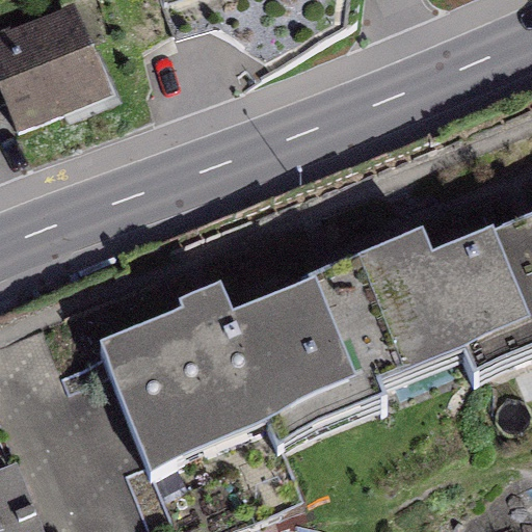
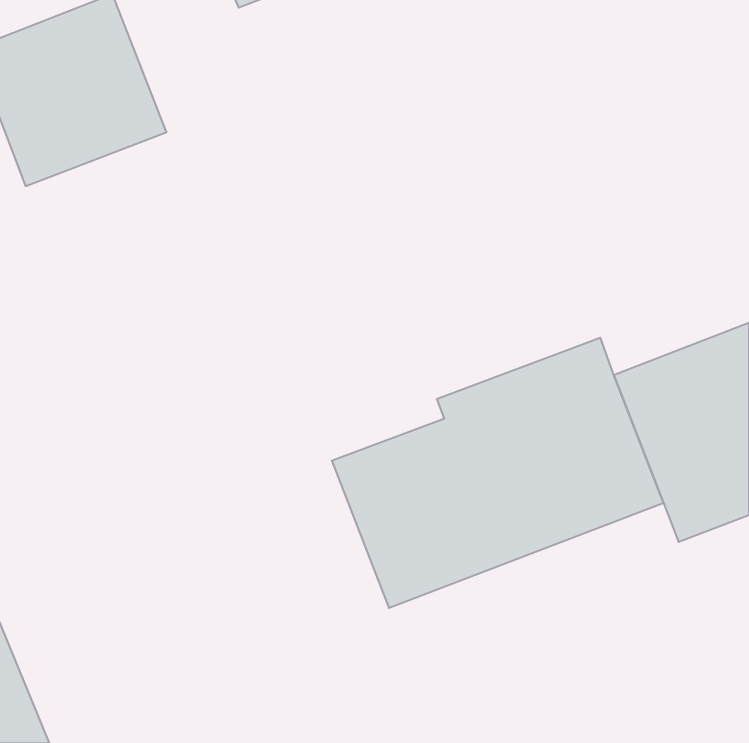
building: [94,287,269,469] -> none

